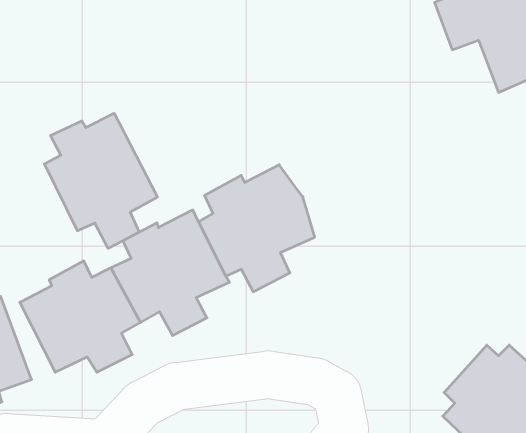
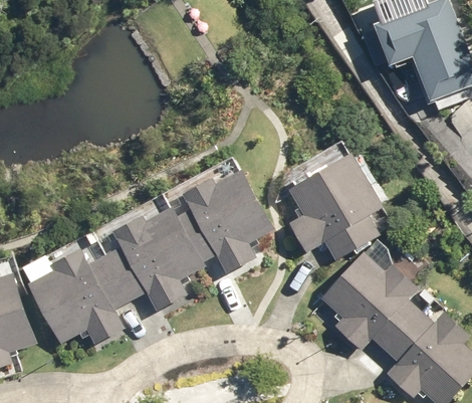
building: [44,113,157,248] -> none
building: none -> [289,153,391,260]
building: none -> [318,254,422,356]

